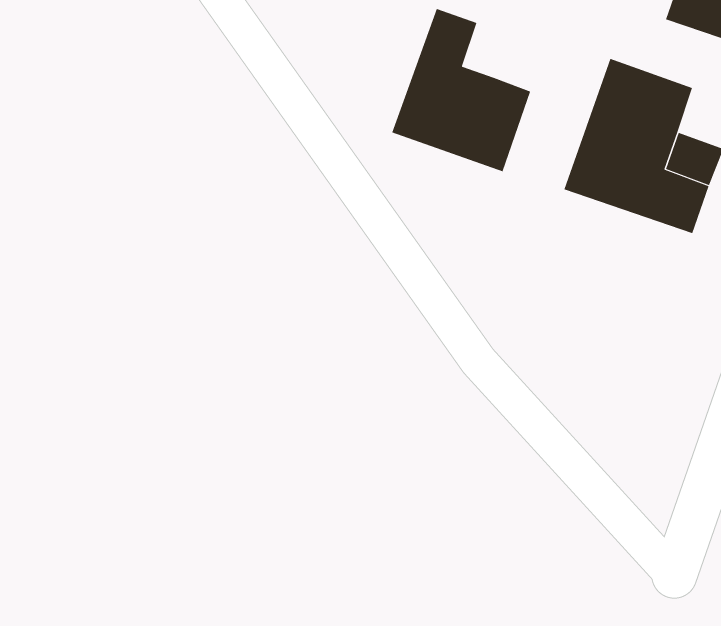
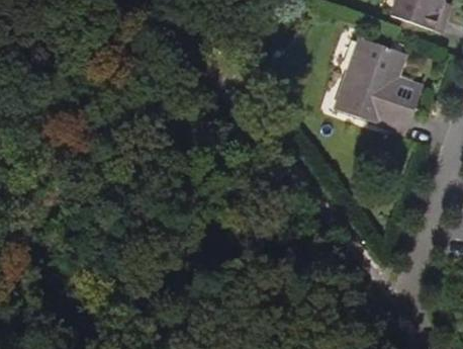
building: [392,8,531,172] -> none

